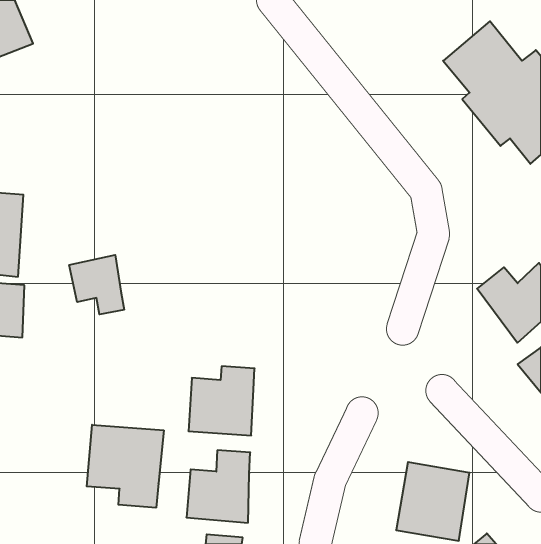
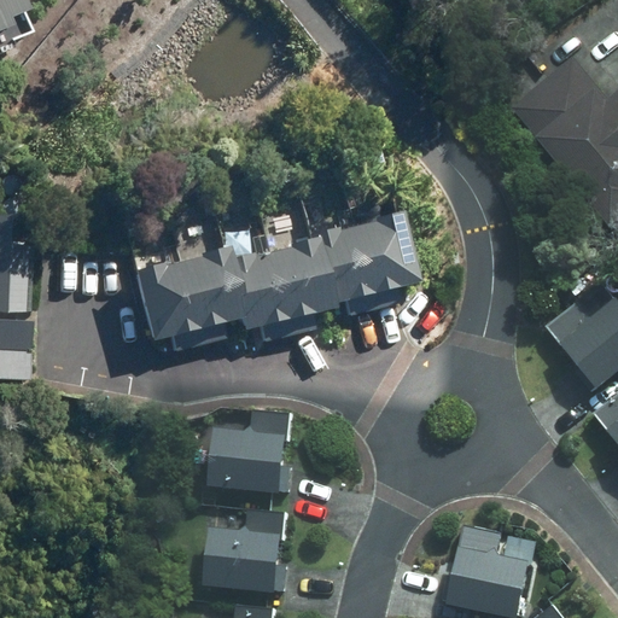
building: none -> [132,215,415,343]
building: [69,255,124,314] -> none
building: [87,425,164,508] -> none

